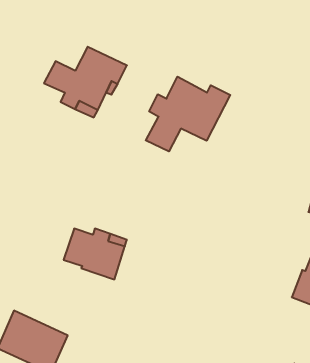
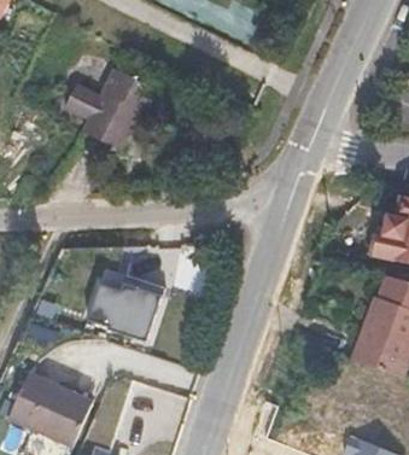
building: [146,77,230,151] -> none

